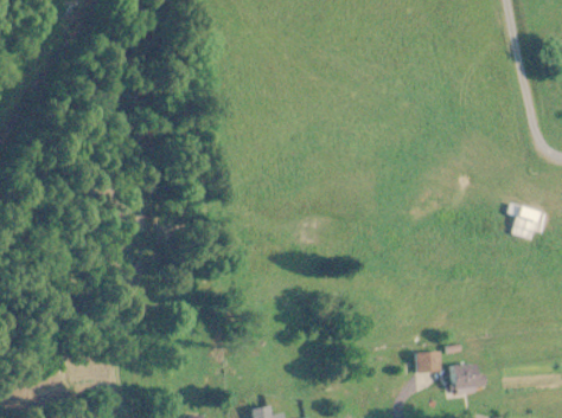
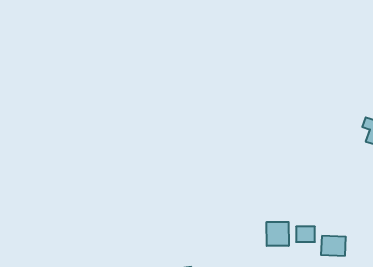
building: none -> [267,222,289,246]

